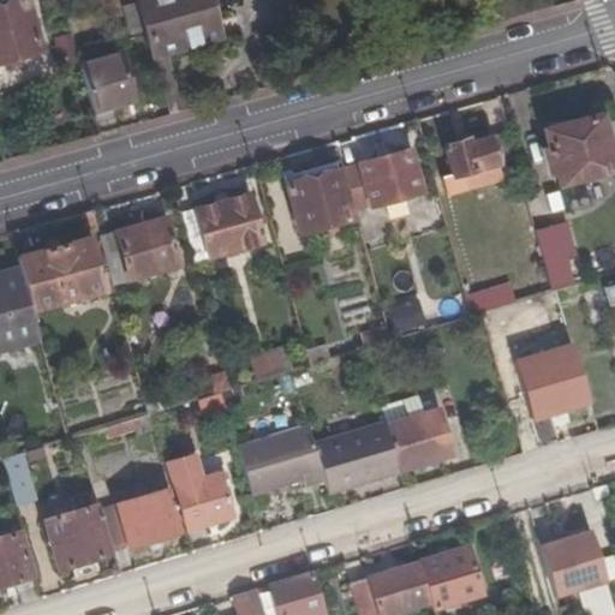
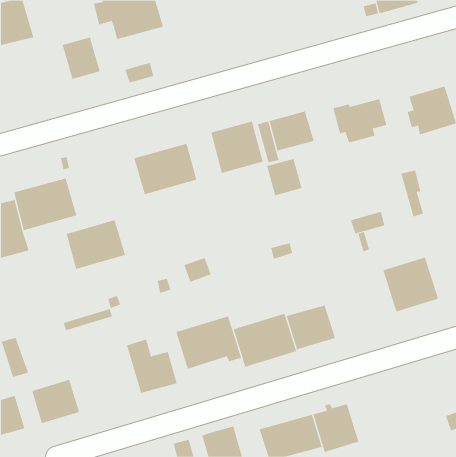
building: none -> [266,158,302,196]
building: [100,217,180,285] -> [66,220,126,270]
building: [101,490,180,553] -> none
building: [532,531,602,598] -> none

